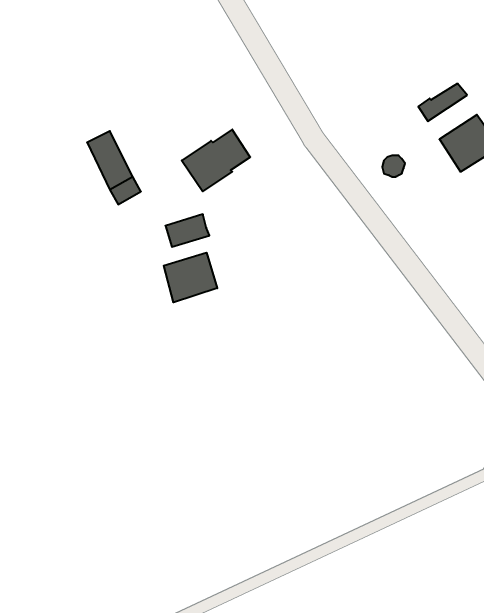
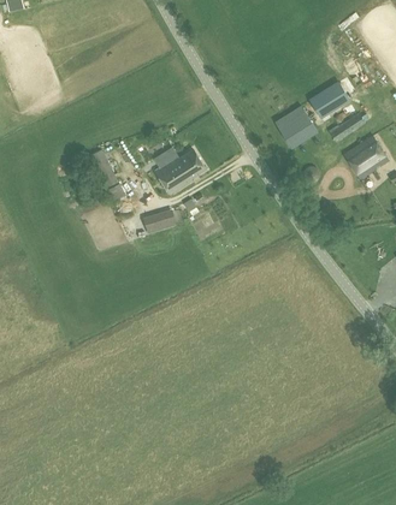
building: none -> [308,79,347,114]
building: none -> [276,103,318,147]
building: [164,253,217,302] -> none

